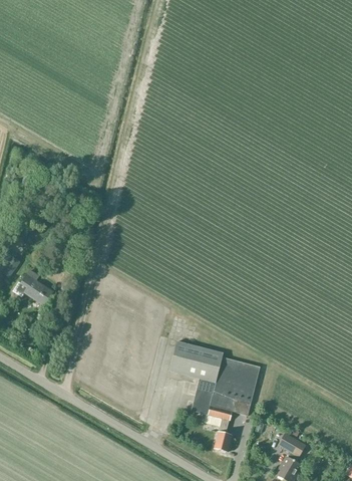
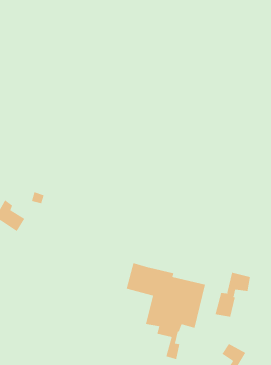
building: none -> [215,272,251,318]

